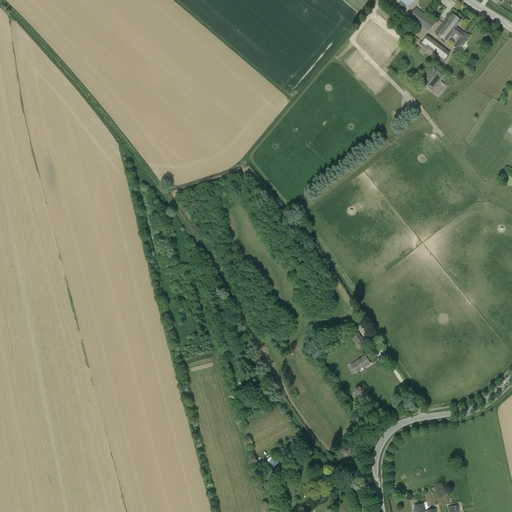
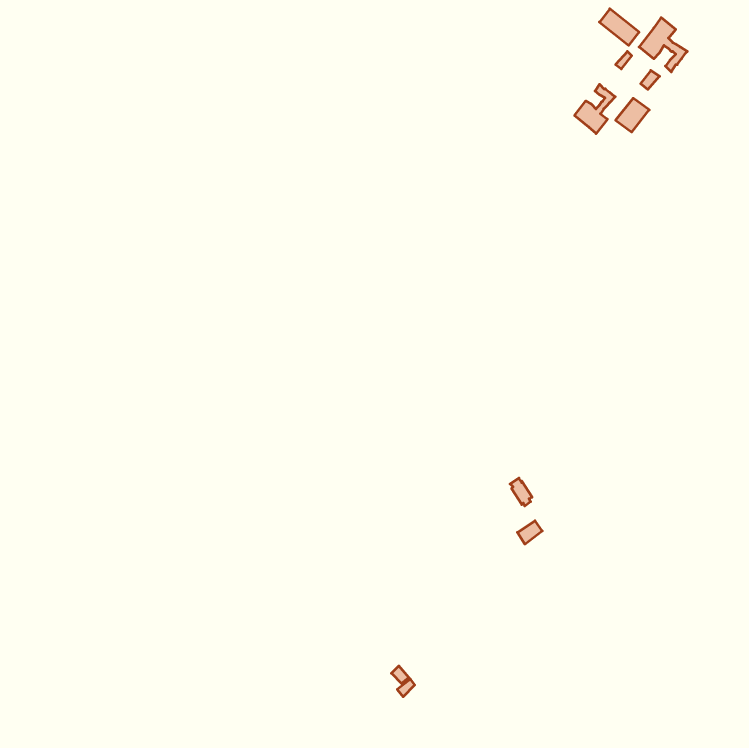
building: none -> [575,84,615,134]

